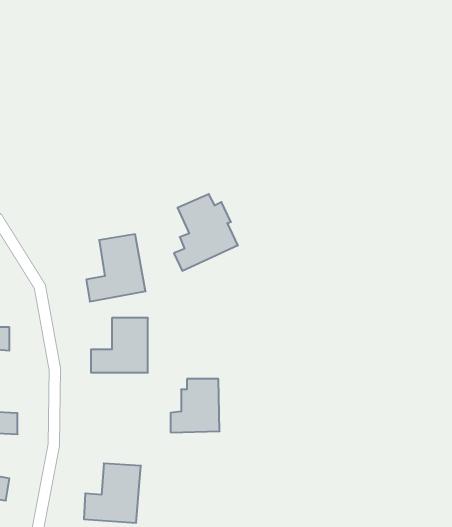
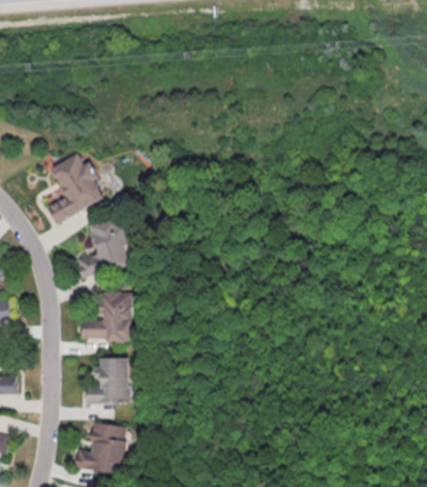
building: [174,194,238,271] -> [48,154,104,222]
building: [171,379,220,432] -> [86,357,129,404]

